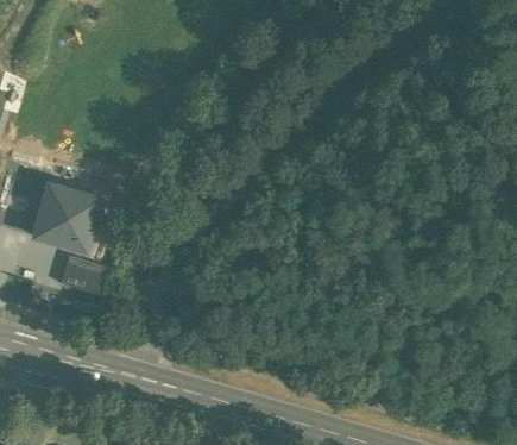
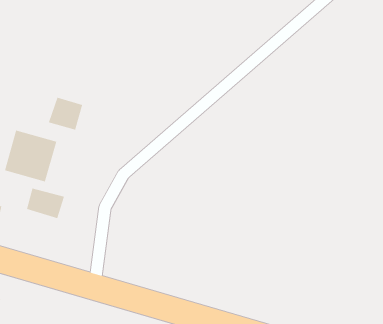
building: none -> [48,97,83,130]

